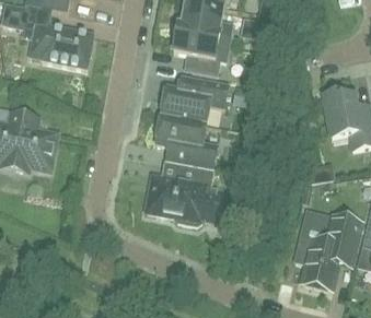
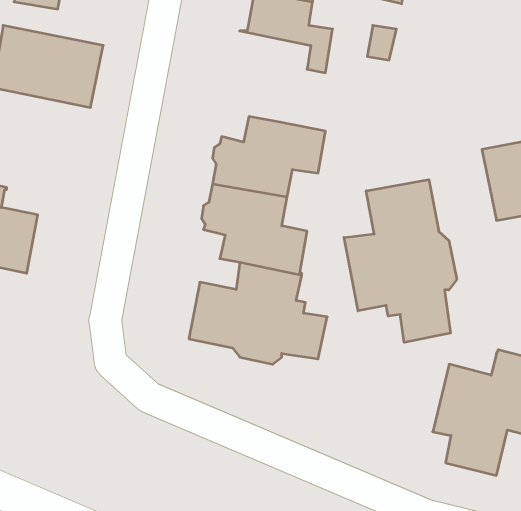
building: [173,23,220,74] -> none
building: none -> [344,180,457,342]

